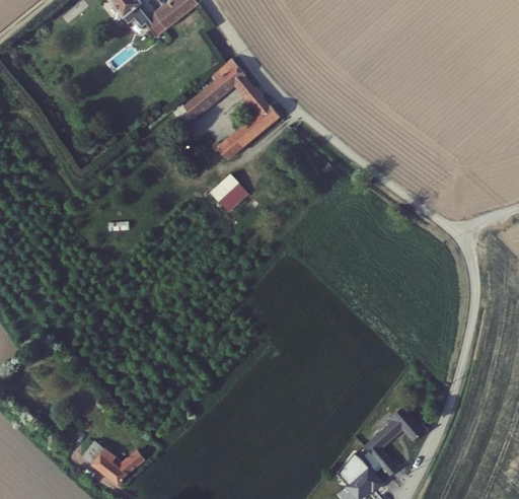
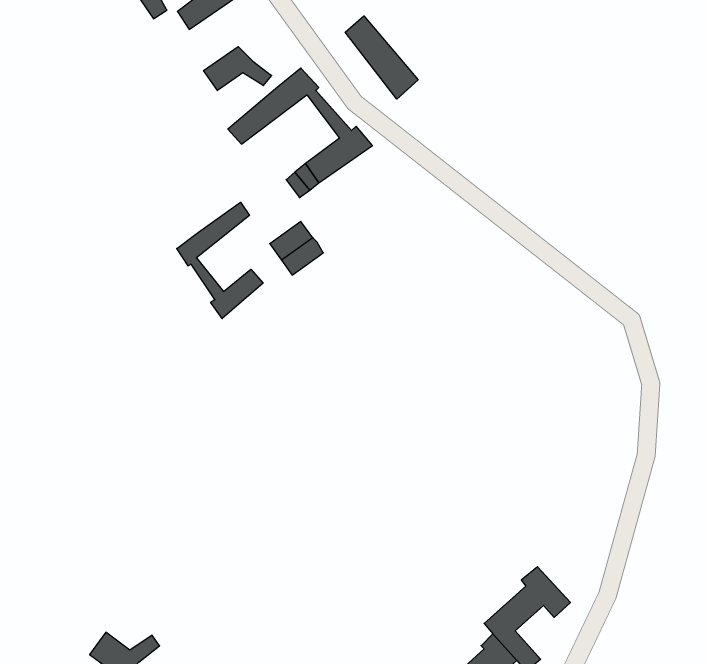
building: none -> [345,16,418,99]
building: none -> [204,47,272,91]
building: none -> [177,202,263,319]

